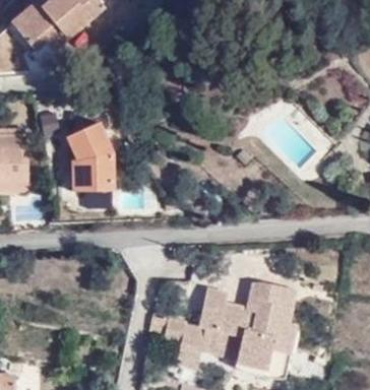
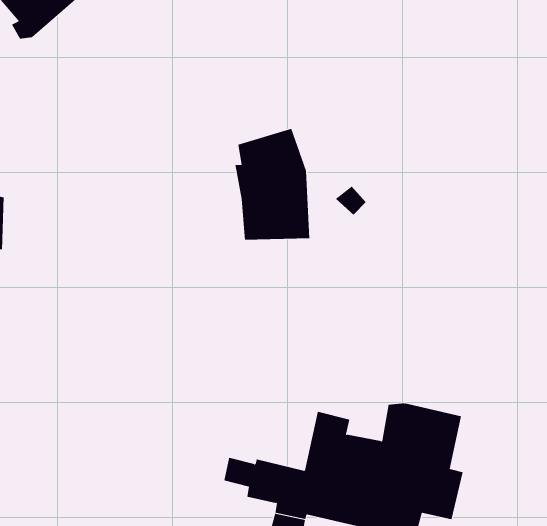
building: [56,117,103,186] -> [234,128,310,240]

